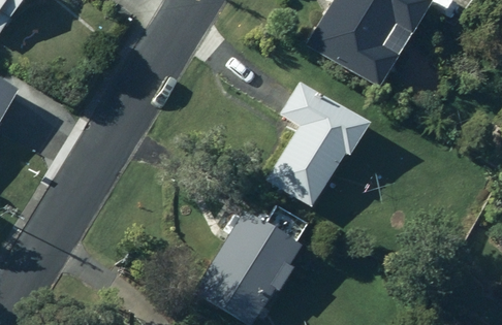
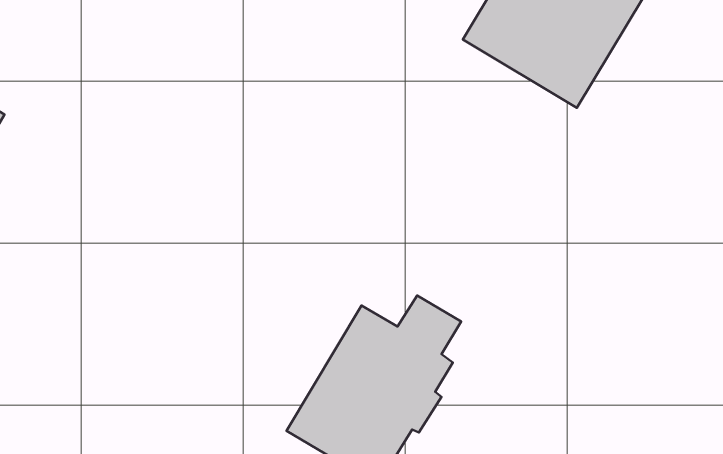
building: [269,84,368,205] -> none

